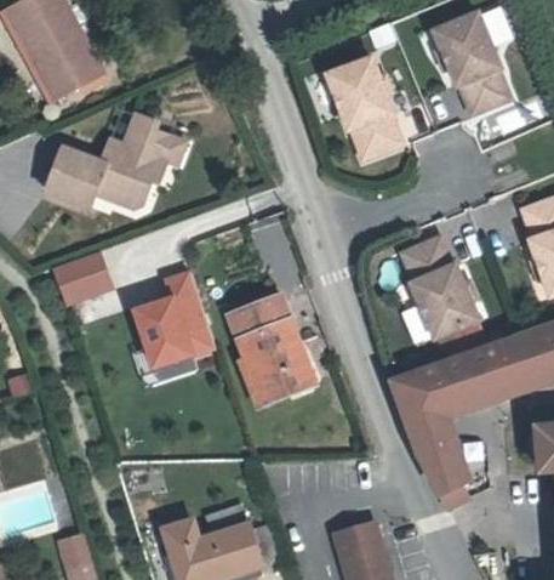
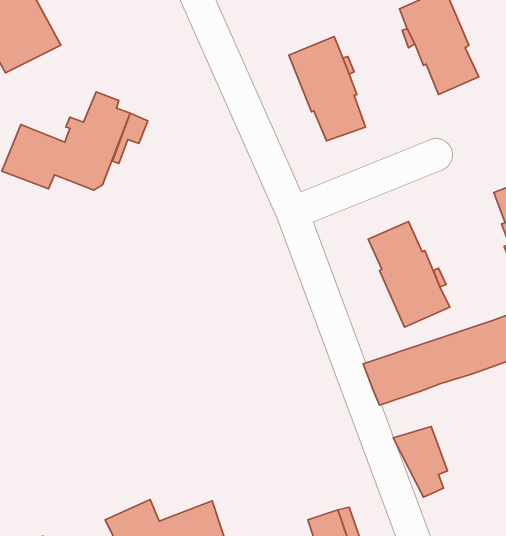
building: [50,245,112,302] -> none
building: [136,273,216,369] -> none
building: [228,295,314,411] -> none
building: [409,404,458,449] -> none

